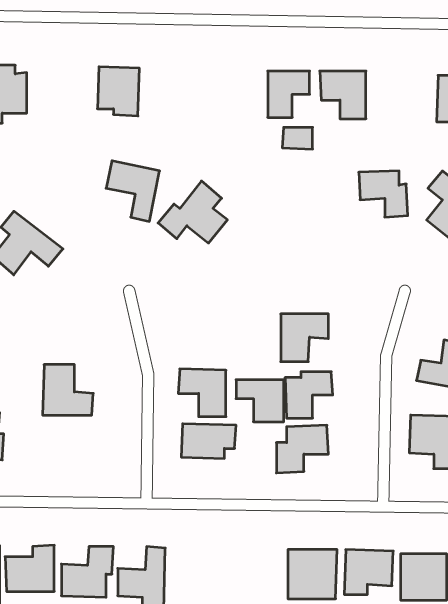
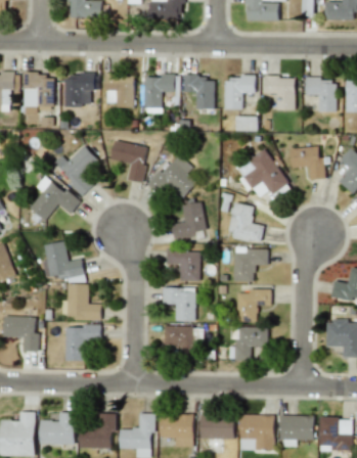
building: none -> [64,74,93,106]
building: none -> [144,75,179,108]
building: none -> [184,75,215,109]
building: none -> [306,79,336,112]
building: none -> [52,145,98,195]
building: none -> [238,150,286,198]
building: none -> [172,201,207,240]
building: none -> [228,202,263,241]
building: none -> [43,241,83,280]
building: [236,380,284,422] -> [167,251,200,281]
building: none -> [64,324,100,361]
building: none -> [159,414,193,447]
building: none -> [199,415,234,440]

